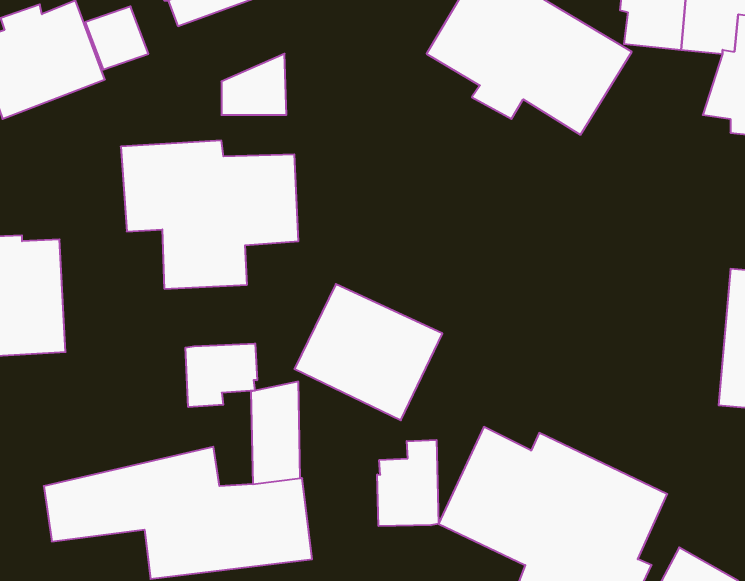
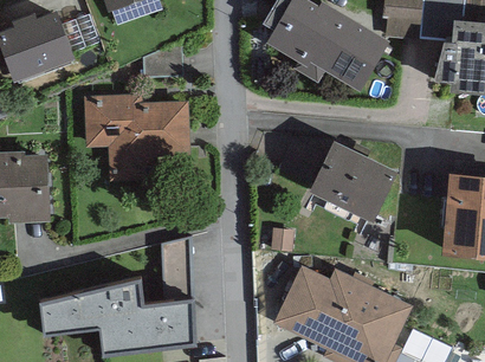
building: [294,284,442,420] -> [309,140,397,221]
building: [185,343,257,407] -> none
building: [377,440,438,526] -> none

